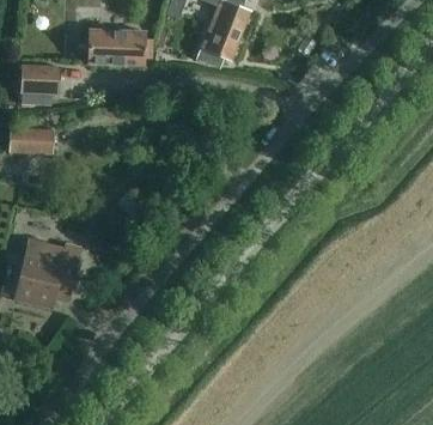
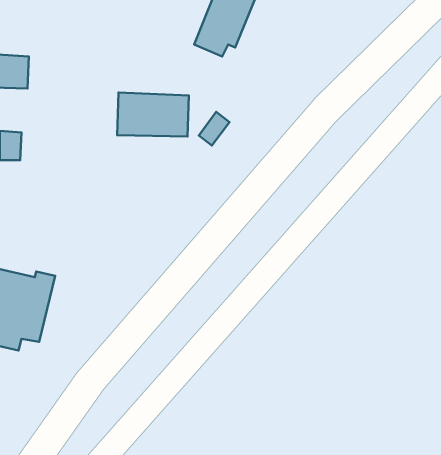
building: [87,29,146,65] -> [117,93,189,137]

